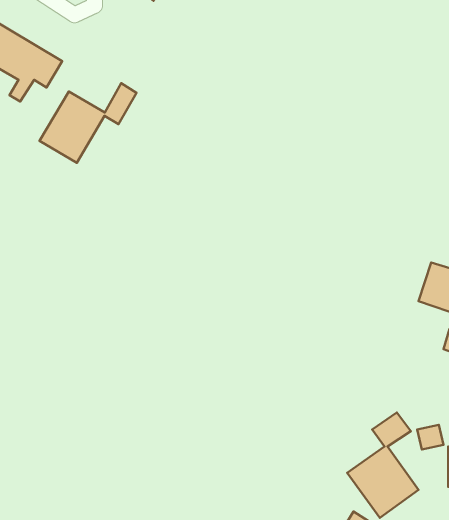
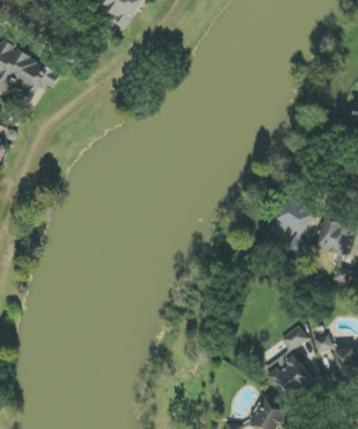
building: [40,83,137,163] -> none
building: none -> [277,196,315,258]

